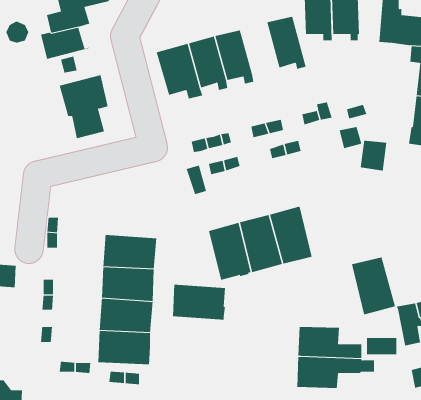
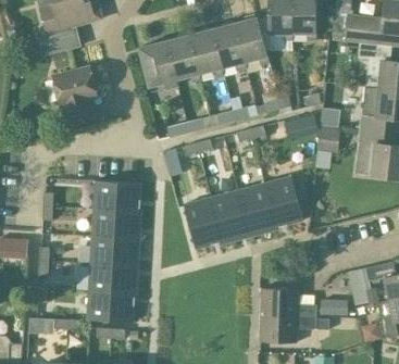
building: none -> [211,23,246,71]
building: [351,257,396,315] -> [263,177,302,228]
building: [172,284,226,320] -> [92,180,139,212]

